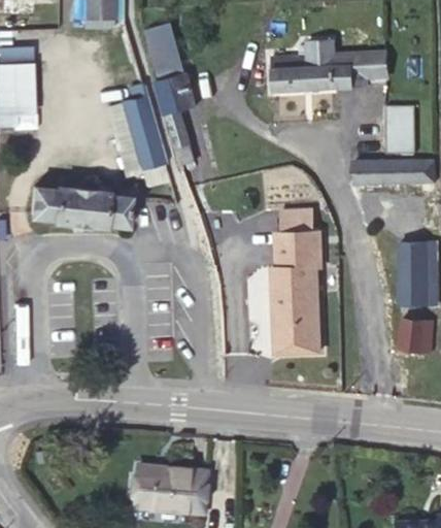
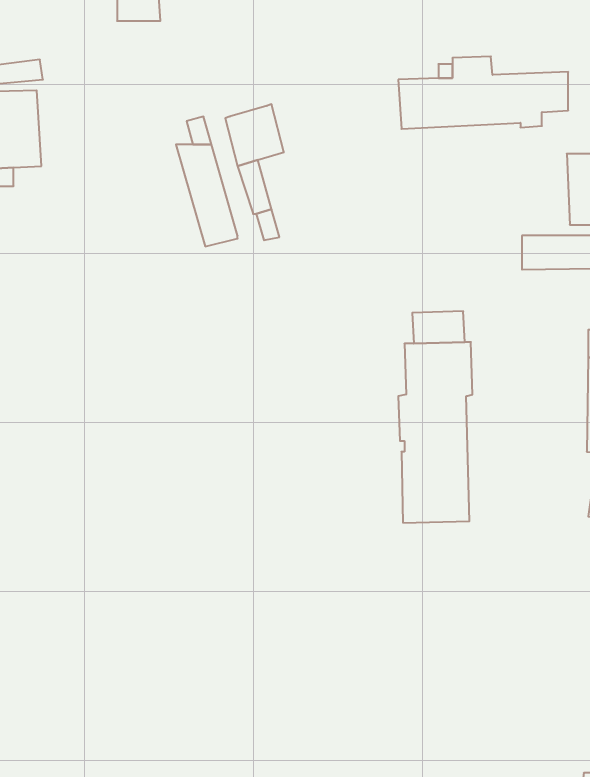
building: [145,24,183,82] -> none
building: [30,186,129,231] -> none
building: [135,468,204,510] -> none

